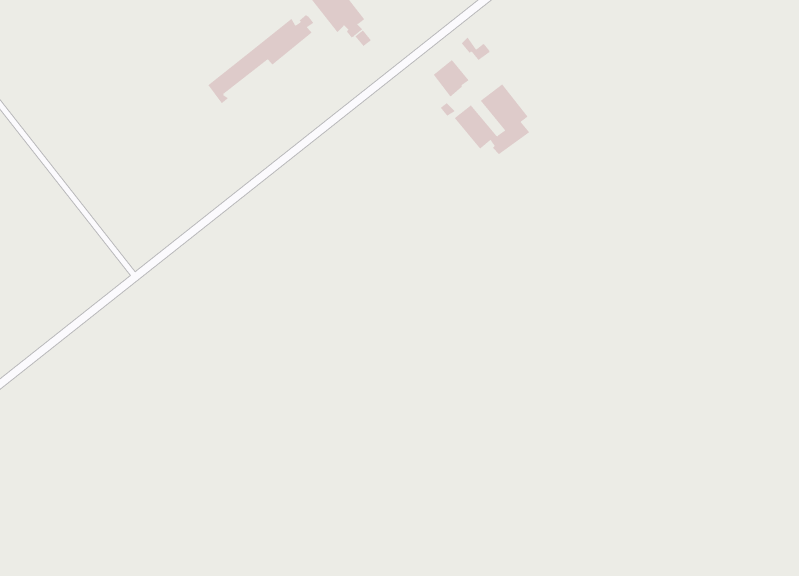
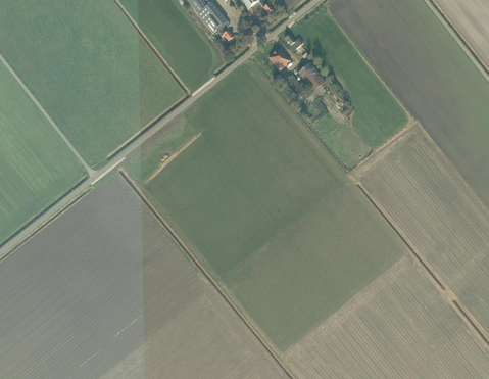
building: [207,14,314,104] -> none

